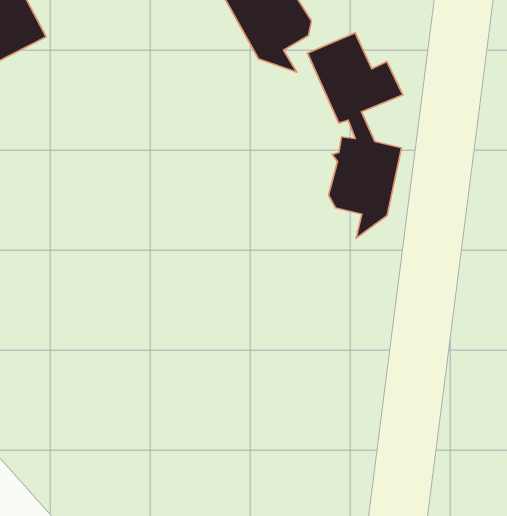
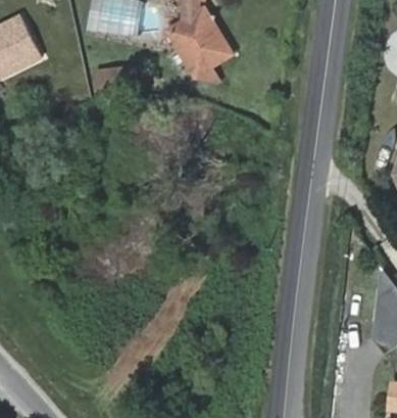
building: [308,33,403,238] -> none

